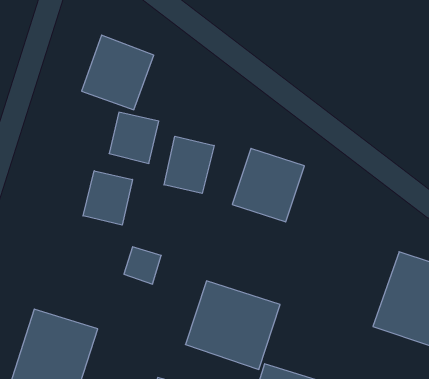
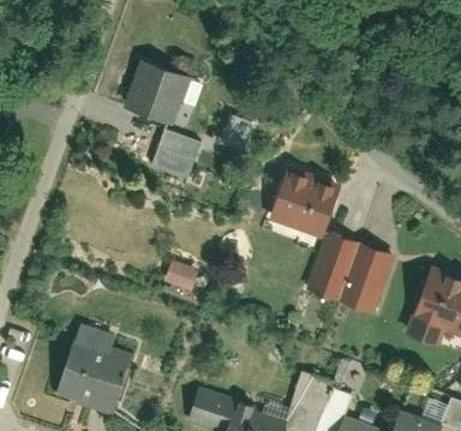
building: [164,136,214,193] -> none
building: [83,171,132,225] -> none
building: [185,281,280,369] -> [307,233,399,318]

